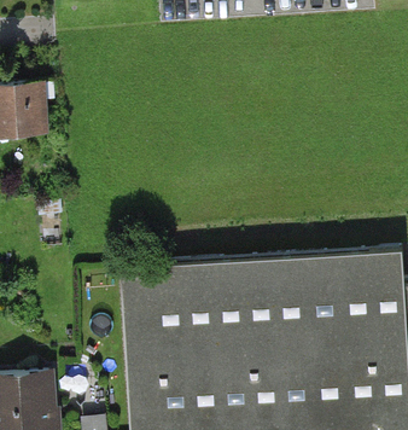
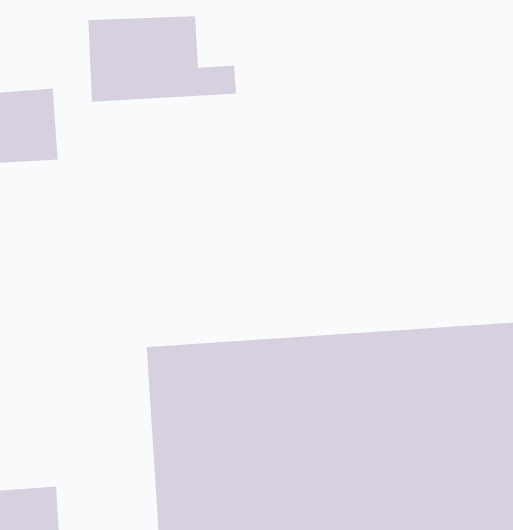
building: none -> [88,15,237,102]

